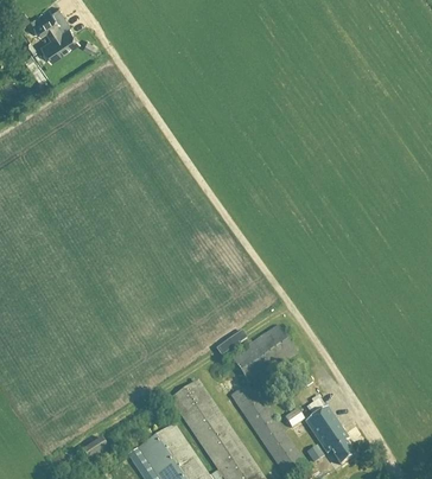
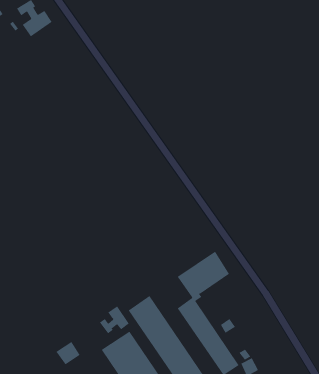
building: none -> [99,306,130,334]
building: [304,407,352,464] -> none

